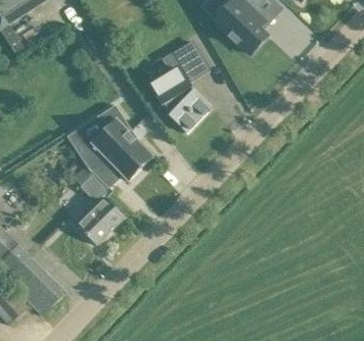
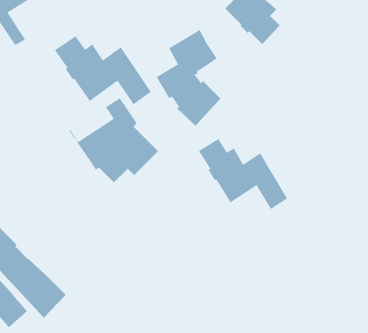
building: none -> [54,35,151,105]
building: none -> [198,138,288,210]
building: [73,170,125,243] -> none

